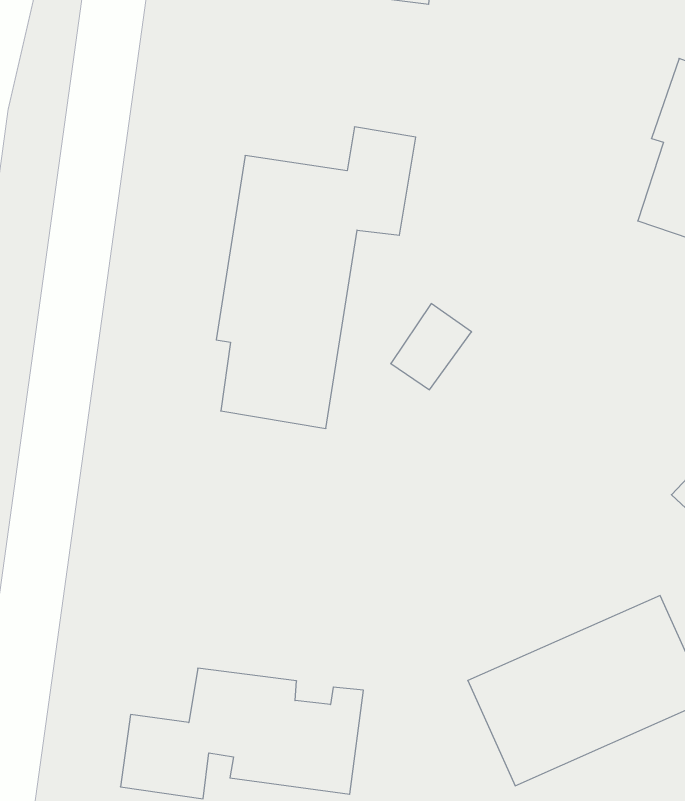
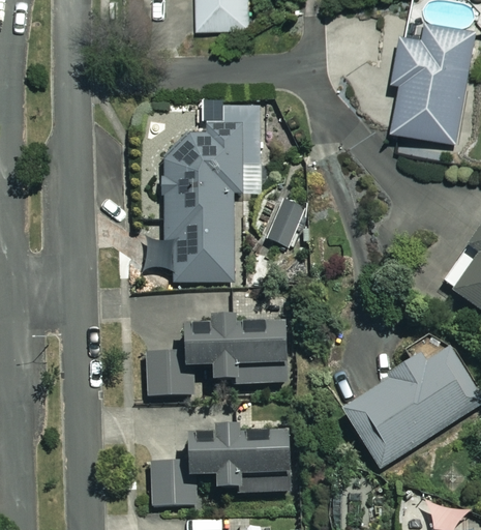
building: none -> [146,317,288,395]

